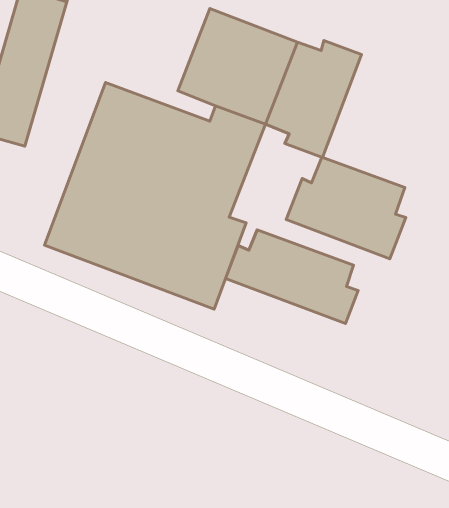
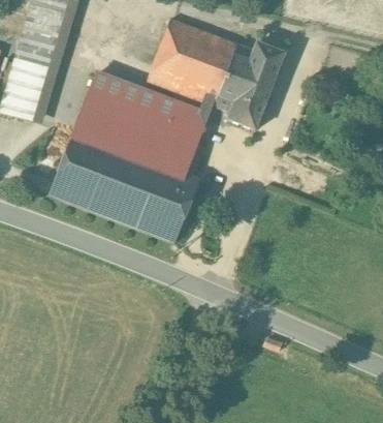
building: [286,157,406,259] -> none
building: [225,230,358,324] -> none

